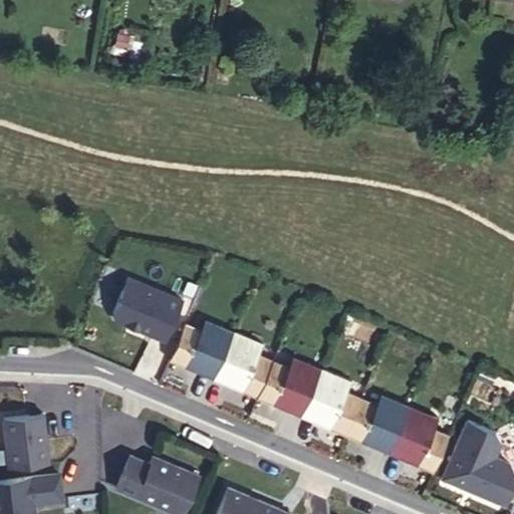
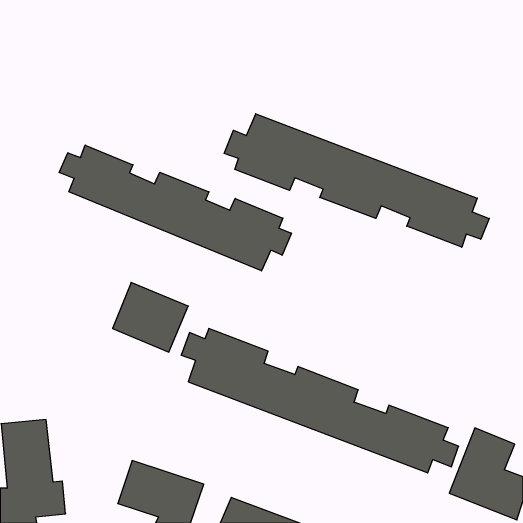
building: none -> [224,114,489,247]
building: none -> [59,145,291,271]

